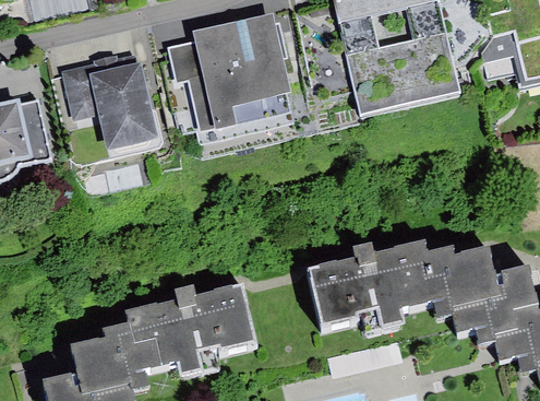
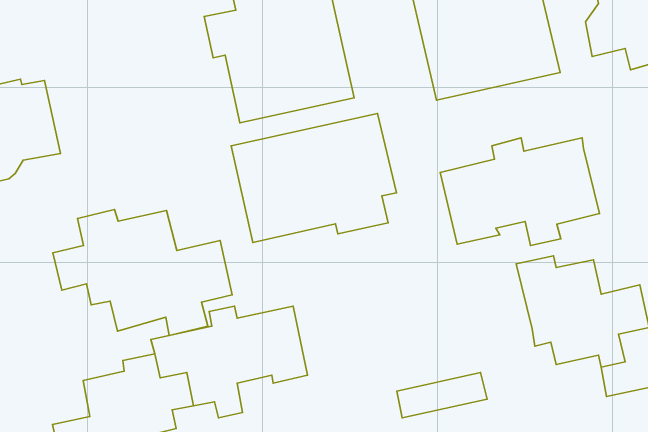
building: [62,61,156,146] -> none
building: none -> [231,113,396,242]
building: none -> [53,210,232,335]
building: [308,240,439,329] -> [440,138,599,245]

